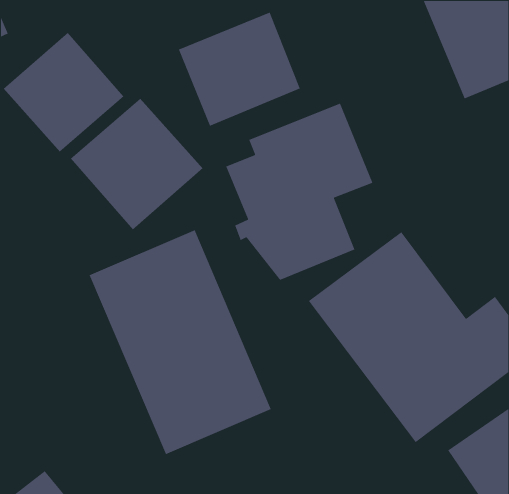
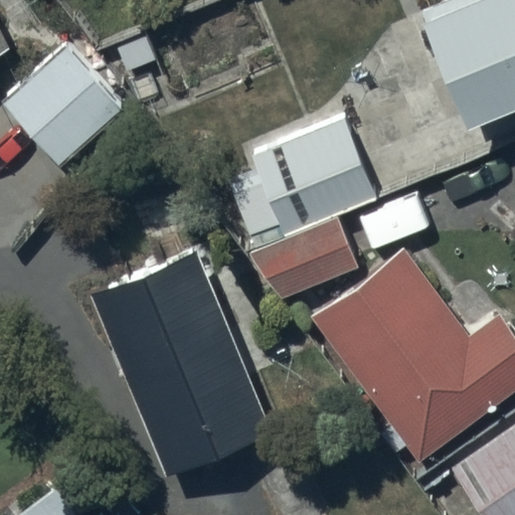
building: [178,12,301,127] -> none
building: [70,98,203,231] -> none

